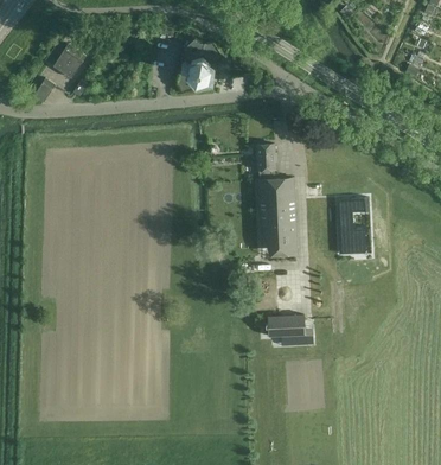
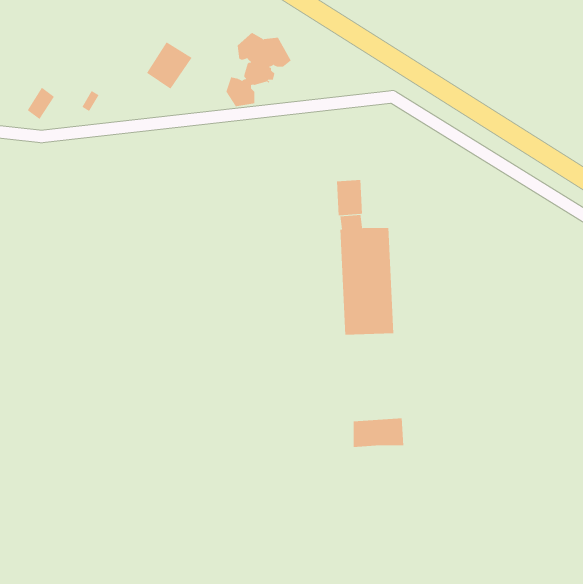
building: [53,44,87,78] -> [146,41,193,89]
building: [337,198,371,254] -> none

